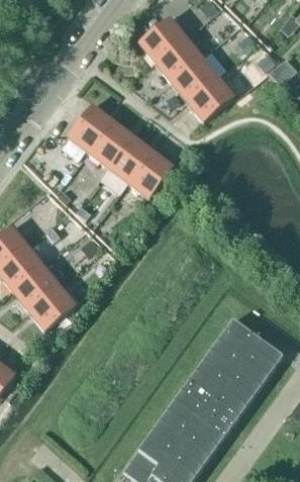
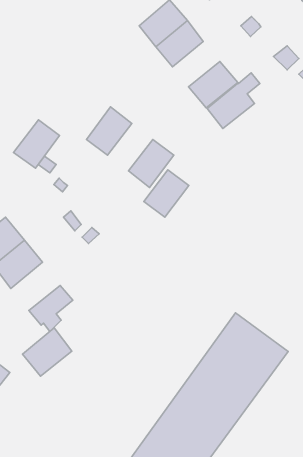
building: [172,47,222,101] -> [207,73,260,129]
building: [68,105,112,152] -> [13,120,60,168]
building: [109,136,153,182] -> [144,170,189,217]
building: [16,270,64,316] -> [23,328,72,376]

